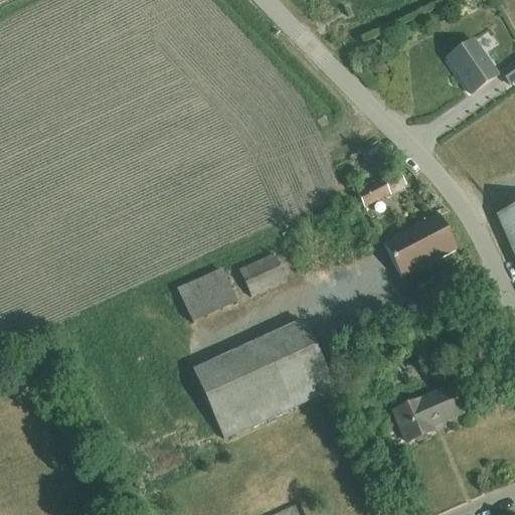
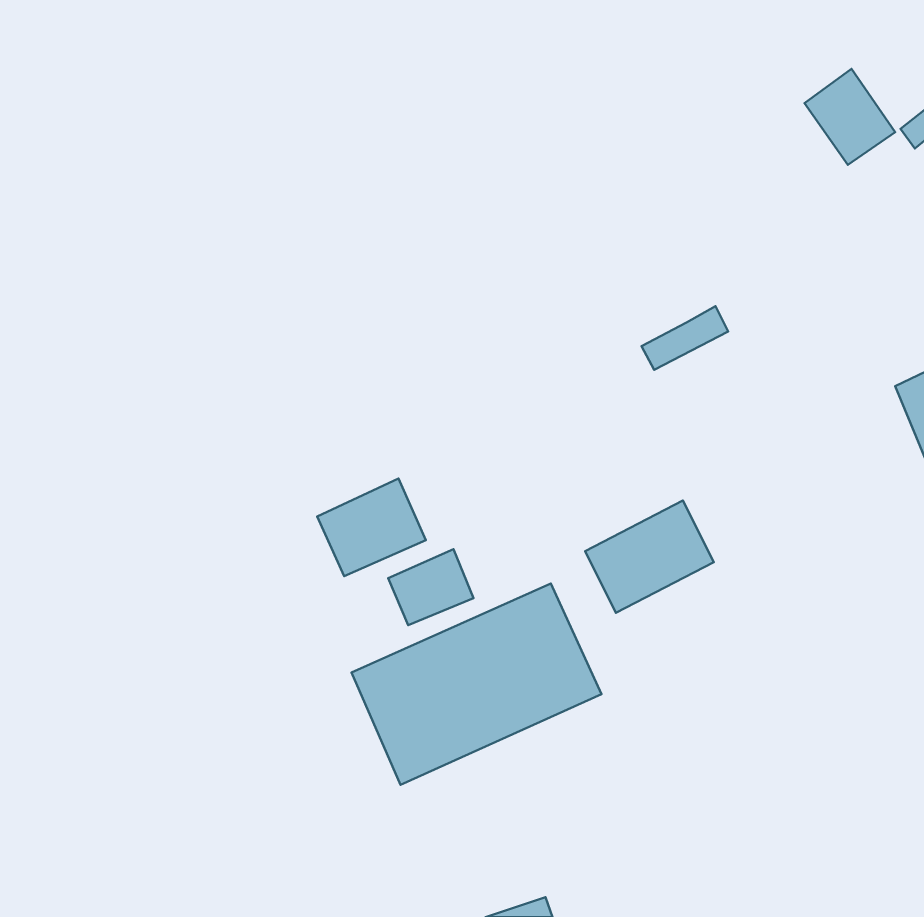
building: [384,213,456,276] -> [585,500,714,613]
building: [239,252,287,295] -> [388,549,473,625]
building: [394,385,462,441] -> none

